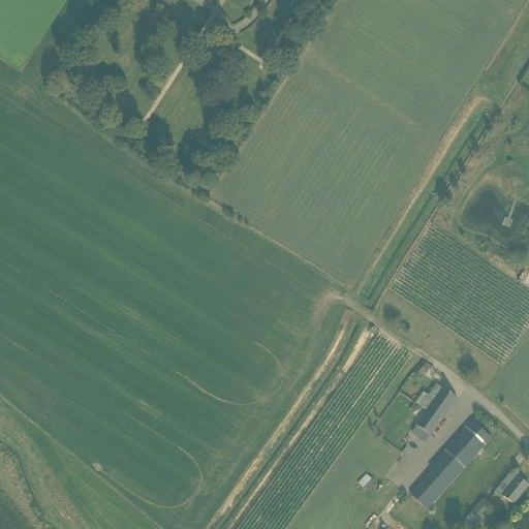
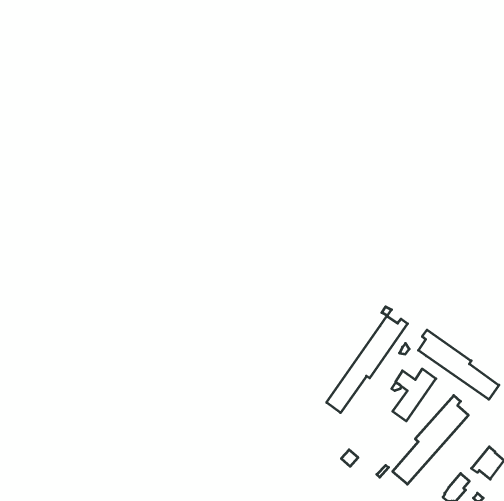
building: none -> [327,316,408,413]
building: none -> [418,330,499,399]

